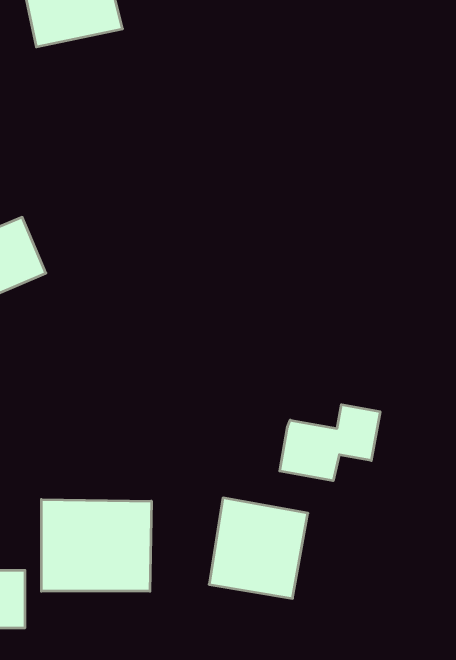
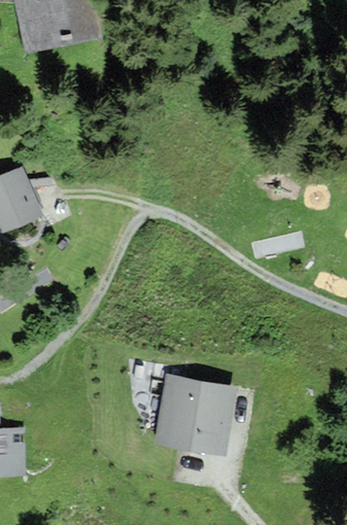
building: [280,405,380,481] -> none
building: [41,499,151,591] -> none

